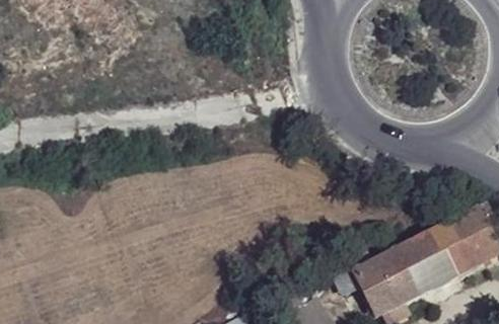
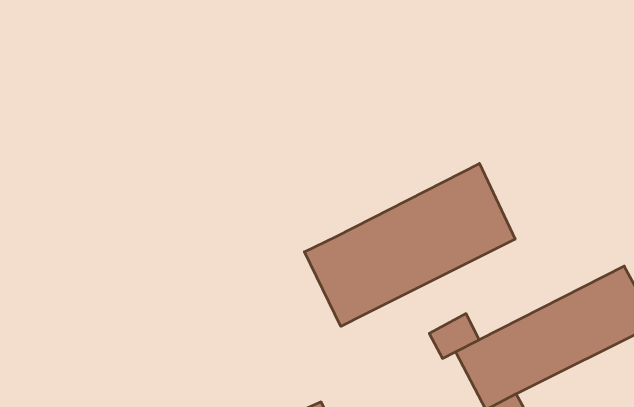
building: none -> [304,163,515,326]

